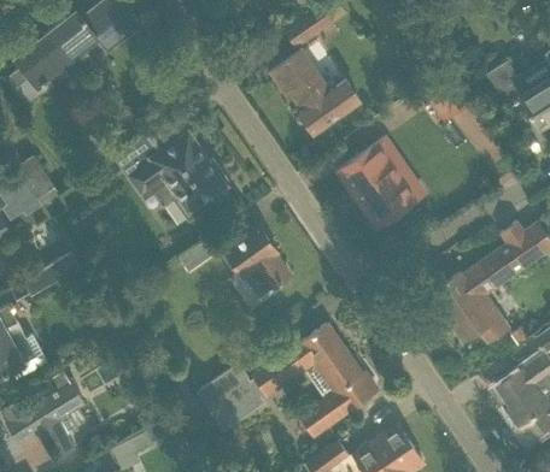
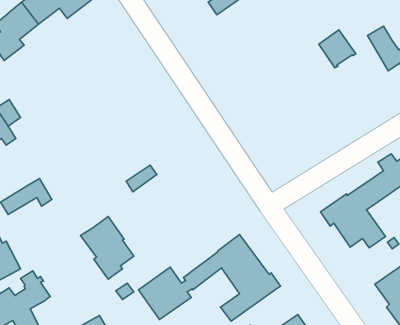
building: [270,52,359,132] -> none
building: [115,132,226,219] -> none
building: [339,138,415,226] -> none
building: [222,225,289,305] -> [80,216,134,279]

